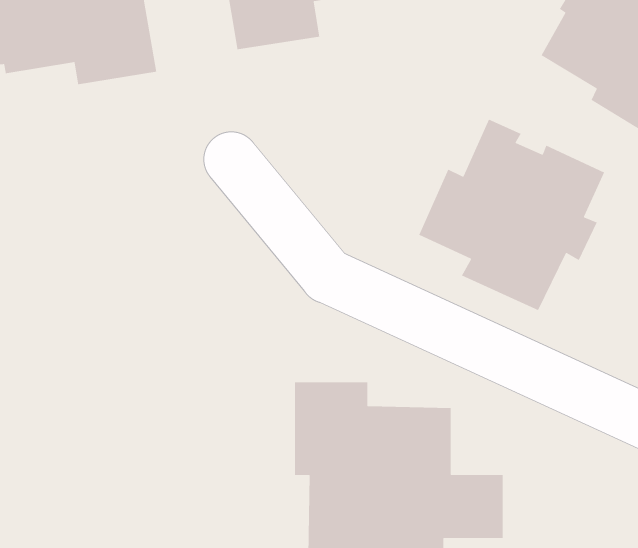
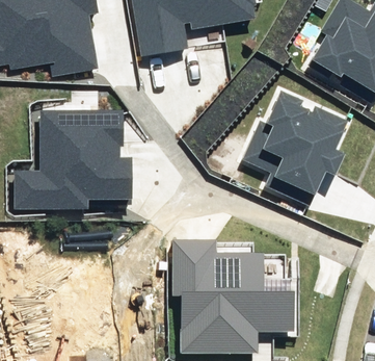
building: none -> [17,109,130,207]

